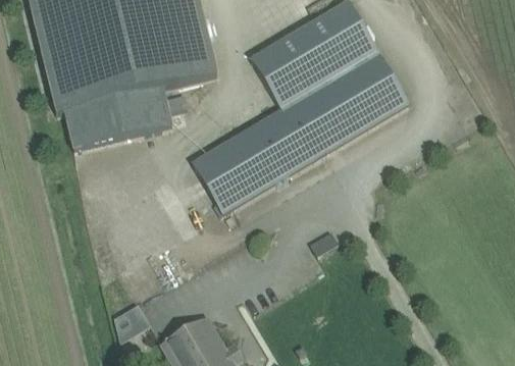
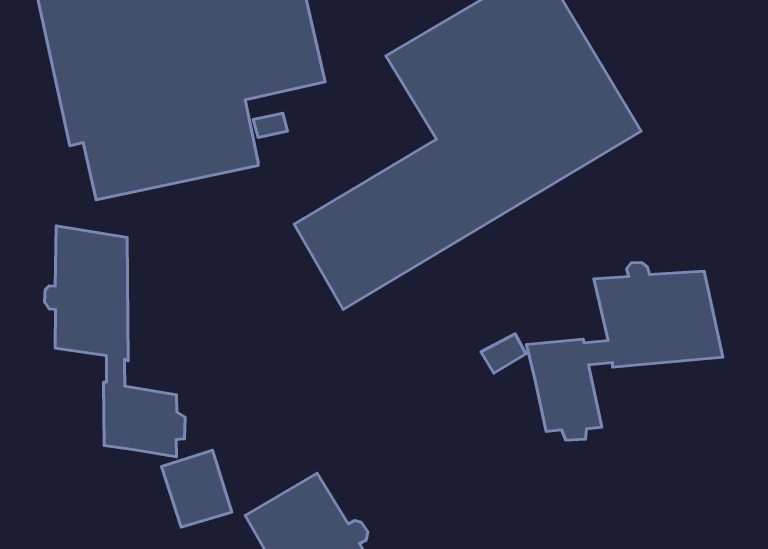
building: none -> [44,226,185,457]
building: none -> [526,263,723,440]

